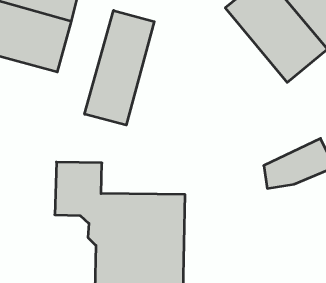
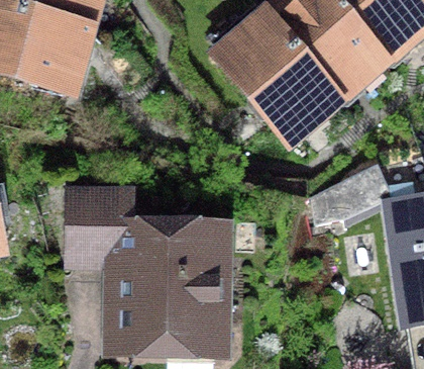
building: none -> [218,18,337,144]
building: [85,10,154,125] -> none

